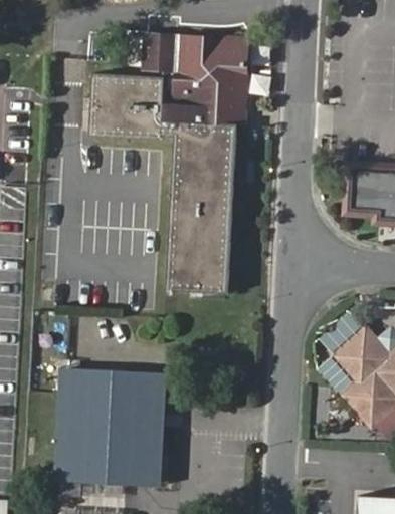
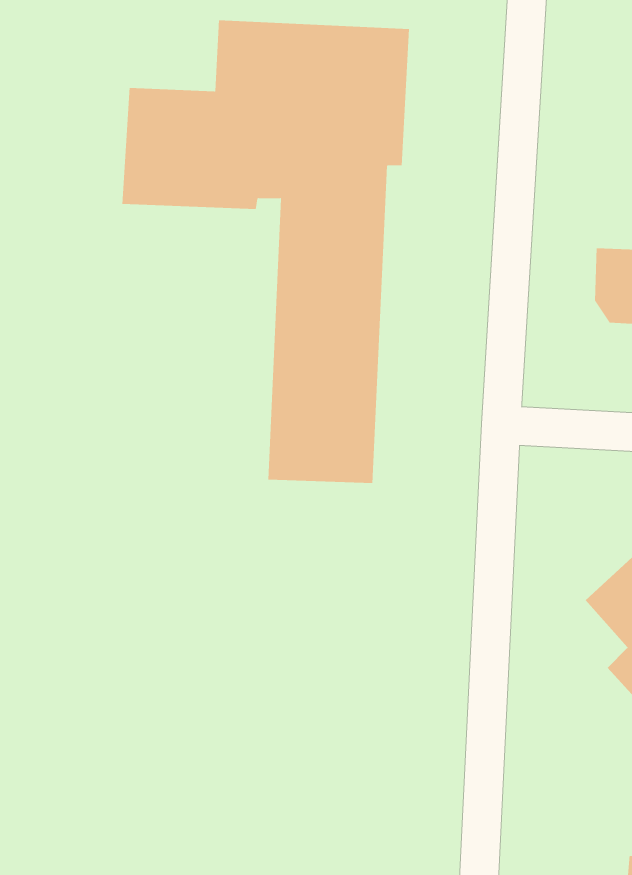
building: [67,370,160,485] -> none

